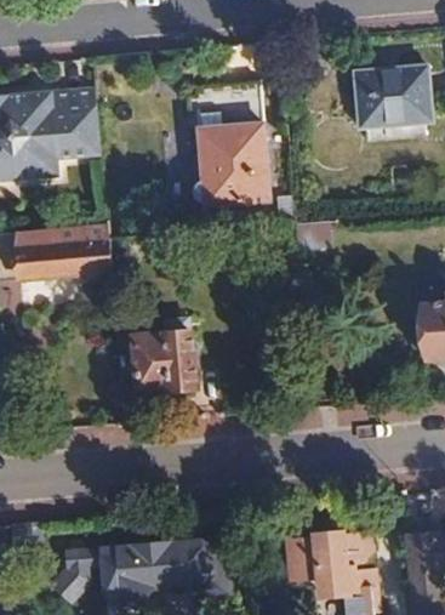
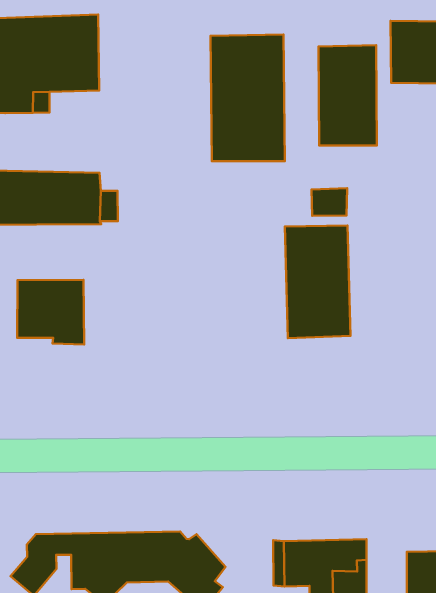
building: none -> [318,45,377,146]
building: none -> [285,225,350,338]
building: [132,332,195,391] -> [17,280,84,344]

